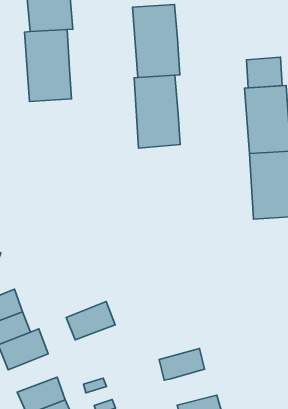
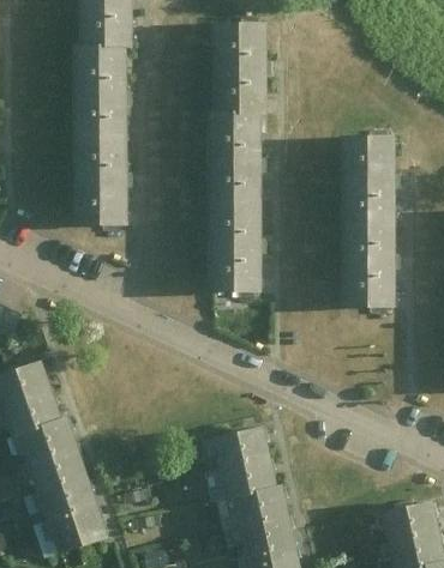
building: [246,57,282,88] -> none
building: none -> [74,132,128,219]
building: none -> [208,198,262,286]
building: [66,302,115,340] -> [26,451,88,496]
building: none -> [211,428,269,466]
building: none -> [230,481,287,525]

